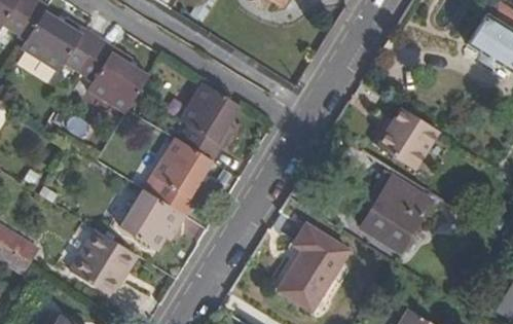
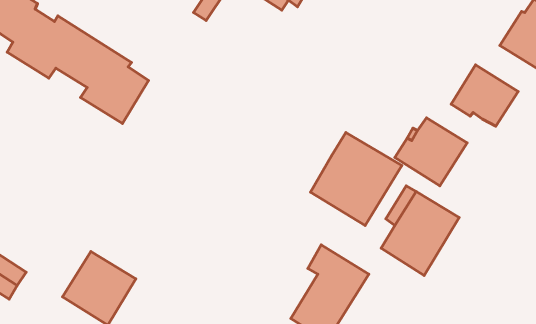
building: none -> [451,65,518,126]
building: [118,81,241,252] -> none
building: none -> [310,132,402,226]

